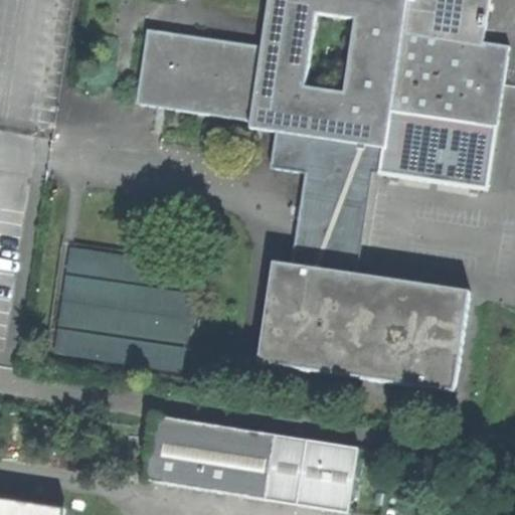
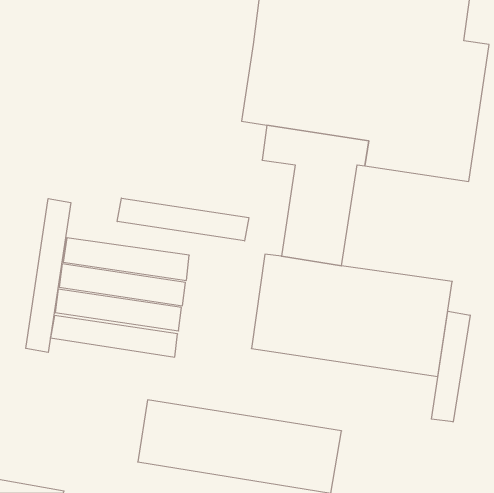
building: [137,29,263,119] -> none
building: none -> [117,198,249,241]
building: none -> [26,199,71,352]
building: none -> [431,311,470,422]

